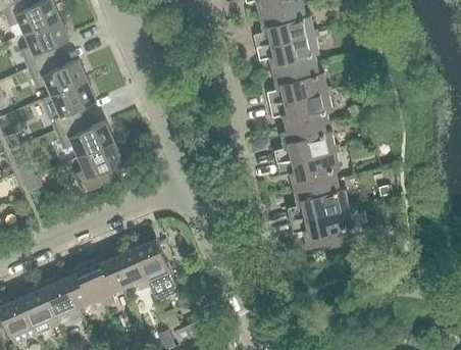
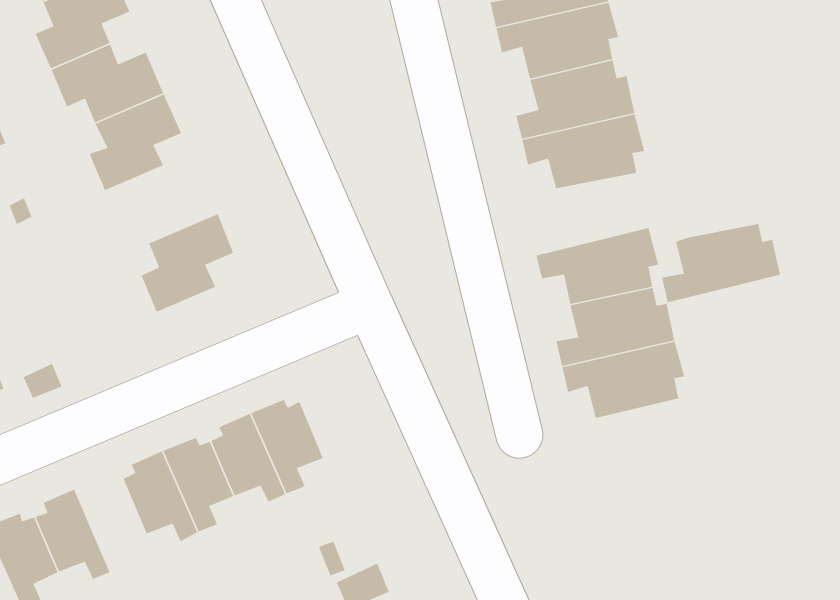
building: [56,118,114,158] -> none
building: [273,123,335,164] -> [661,223,781,303]
building: [41,277,78,327] -> none

